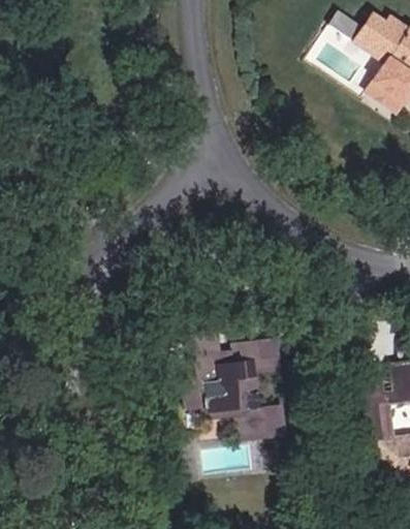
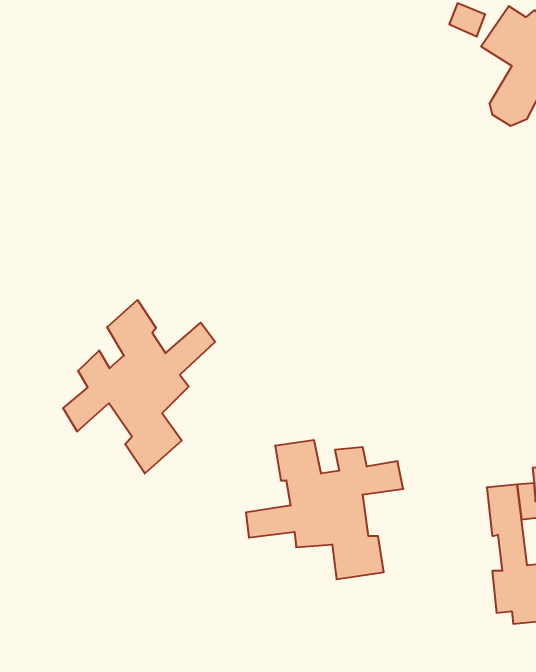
building: none -> [63,300,215,474]

